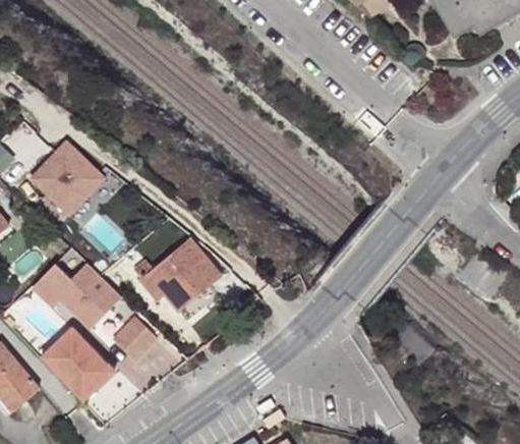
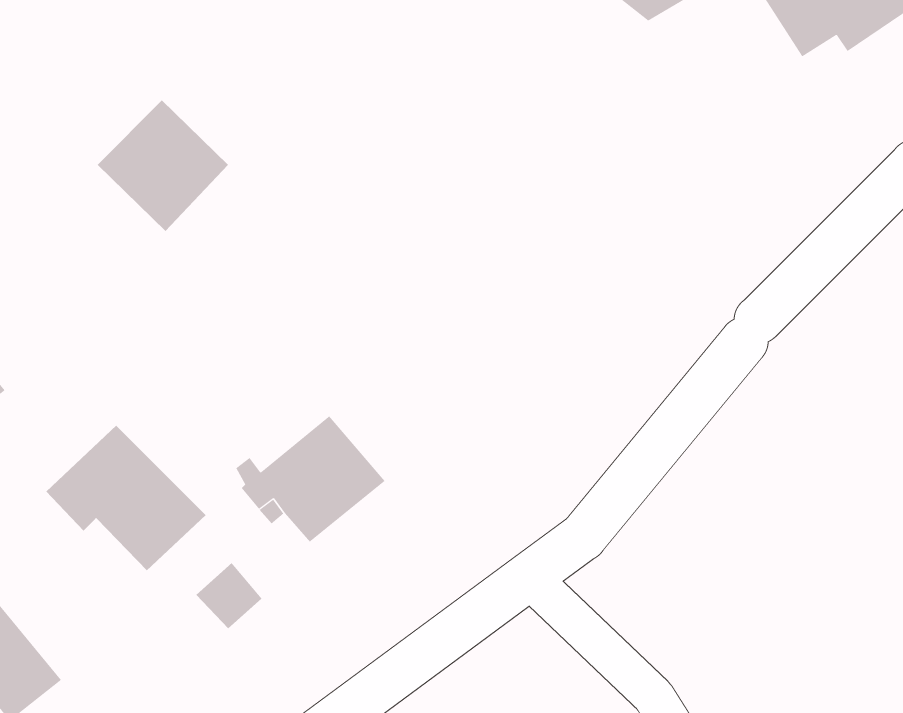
building: [31,140,105,214] -> [97,100,229,232]
building: [40,327,114,401] -> none

